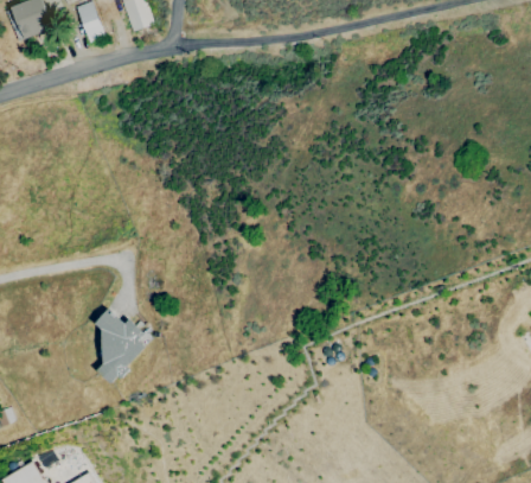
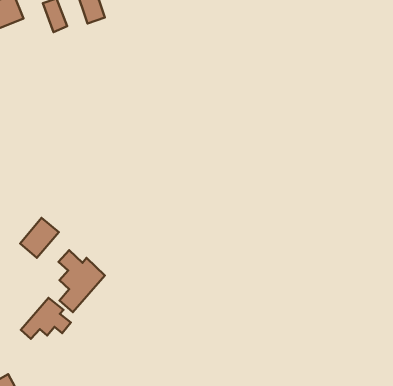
building: none -> [20,218,59,258]
building: none -> [21,298,71,339]

